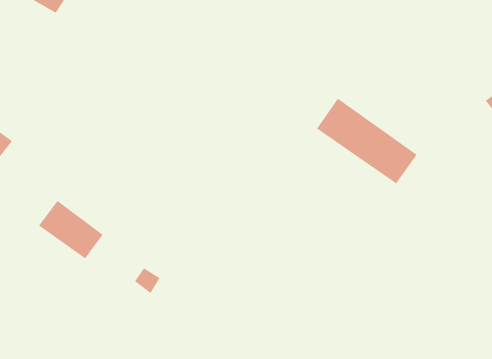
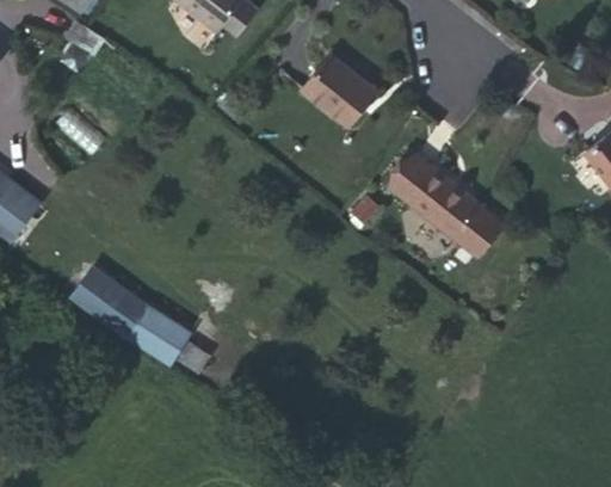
building: none -> [300,57,371,128]
building: none -> [128,308,192,365]

